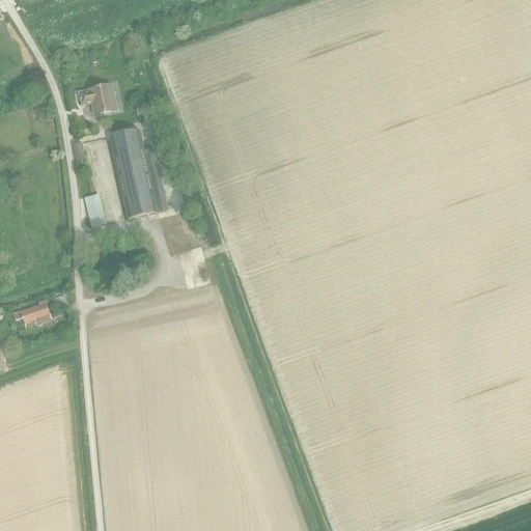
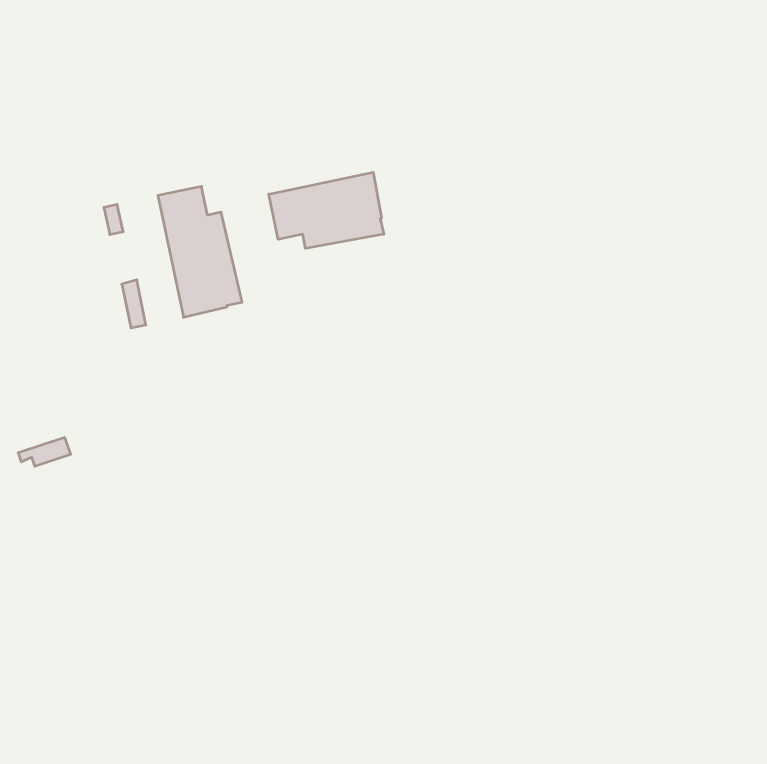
building: [78,84,115,112] -> none
building: none -> [269,172,384,248]

